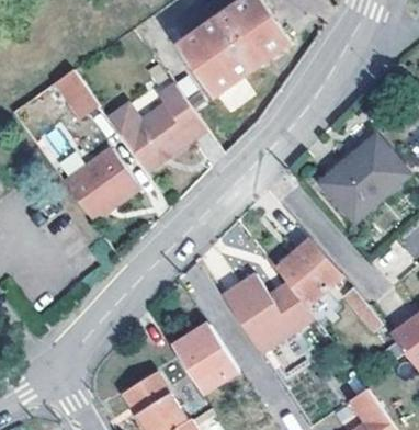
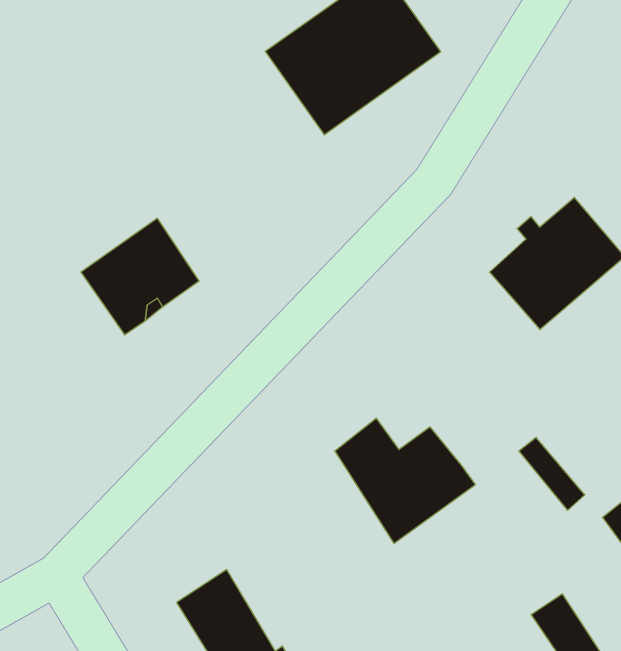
building: [54,68,97,113] -> none
building: [106,82,206,170] -> none
building: [274,238,339,305] -> none
building: [171,324,238,393] -> none

